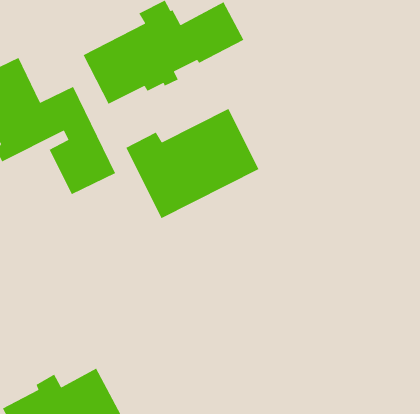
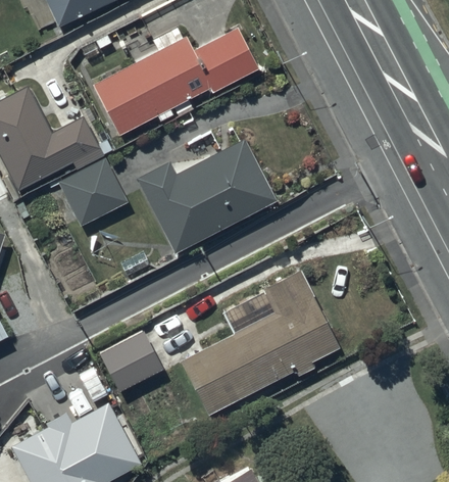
building: none -> [182,271,340,416]
building: none -> [99,330,164,393]

